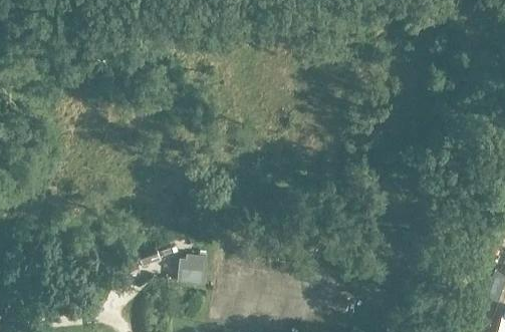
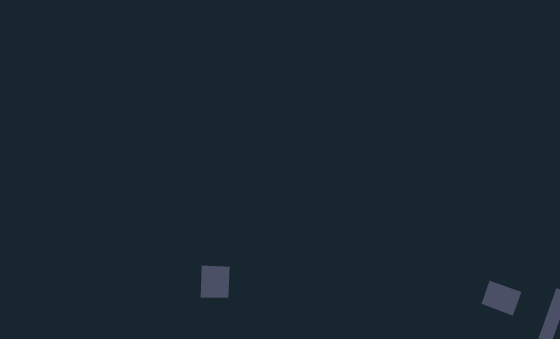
building: none -> [481,280,522,317]

